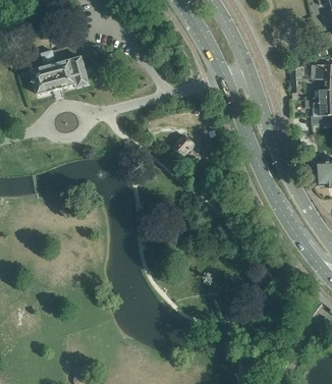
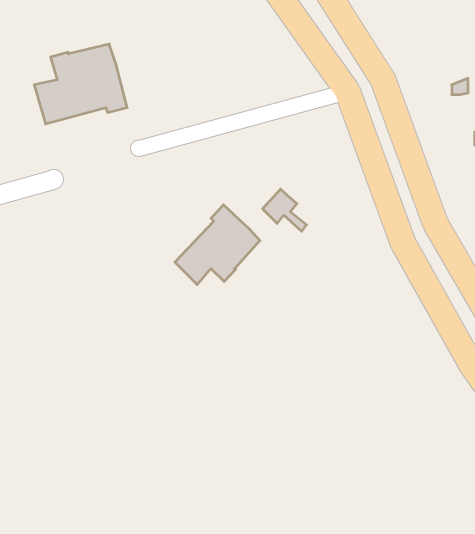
building: none -> [175,205,260,285]

